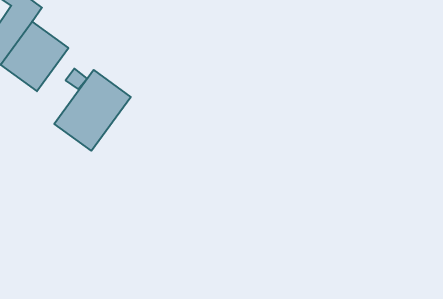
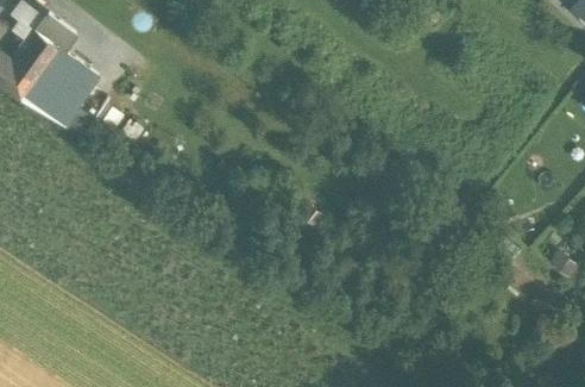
building: [54,70,131,151] -> none

